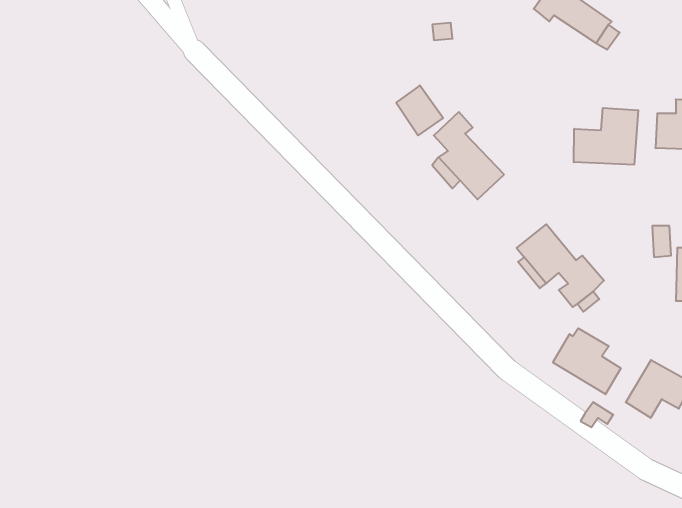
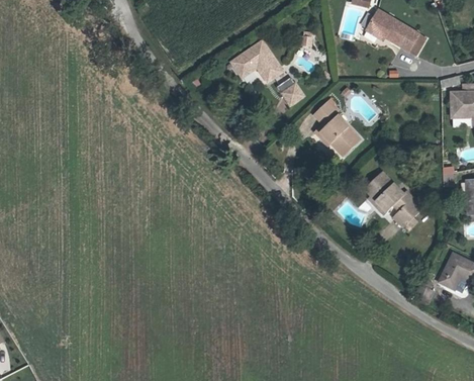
building: none -> [238,39,284,78]
building: [574,108,638,165] -> none
building: [553,328,621,394] -> none

